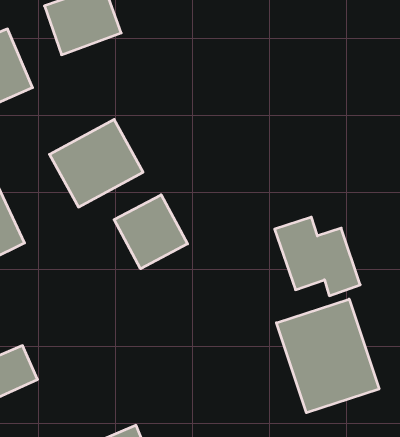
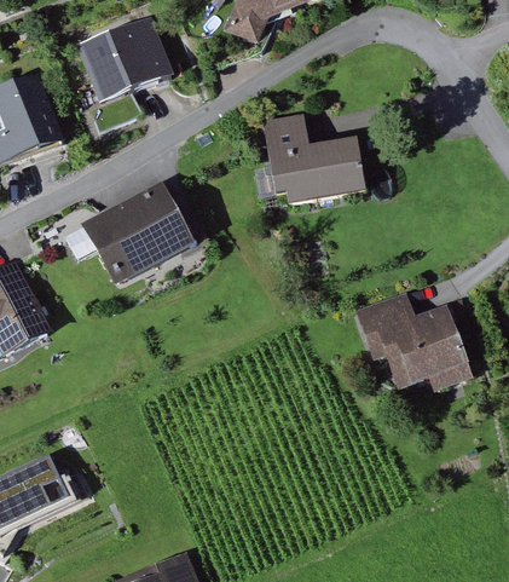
building: none -> [261,111,368,203]
building: [114,195,188,269] -> none
building: [276,299,379,413] -> none

